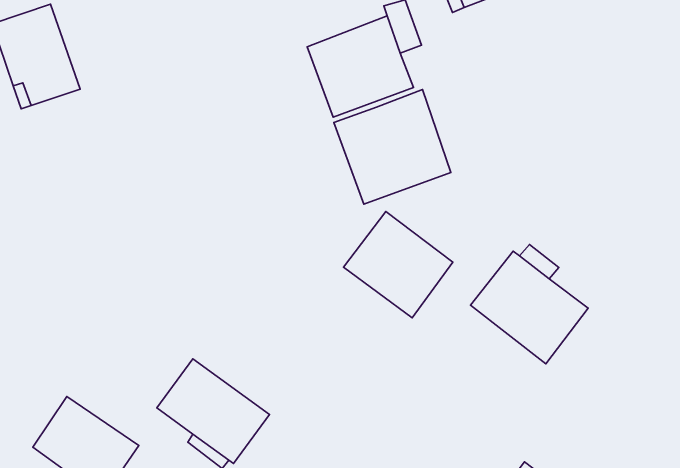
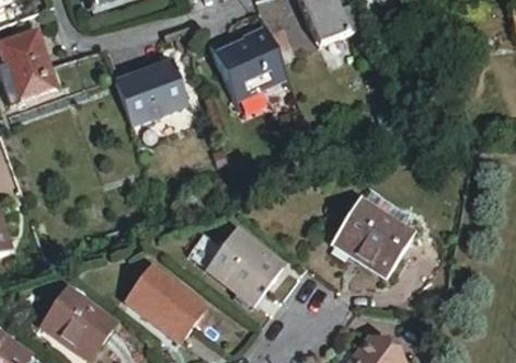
building: none -> [118,59,191,123]
building: [334,90,451,204] -> none
building: [343,211,453,318] -> [206,231,279,303]

